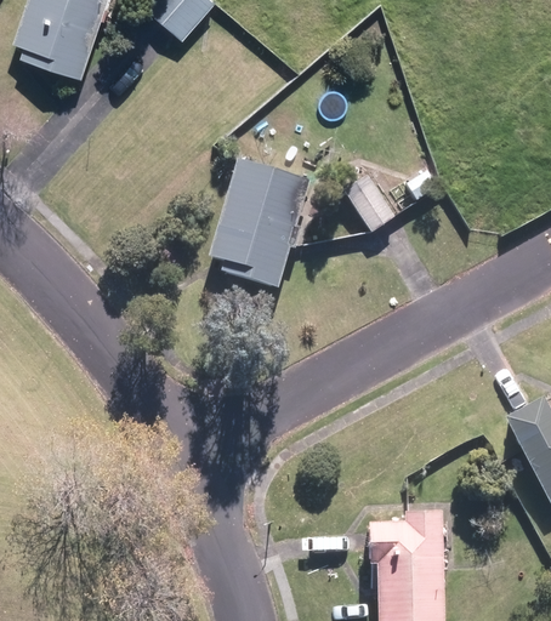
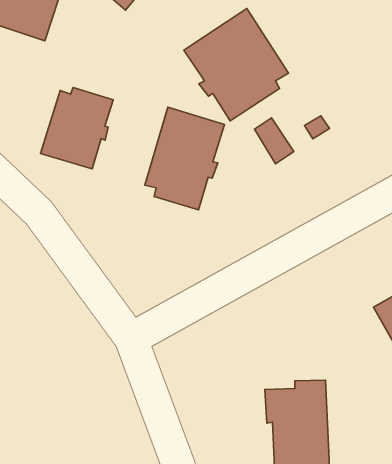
building: none -> [184,9,289,121]
building: none -> [41,88,113,169]

